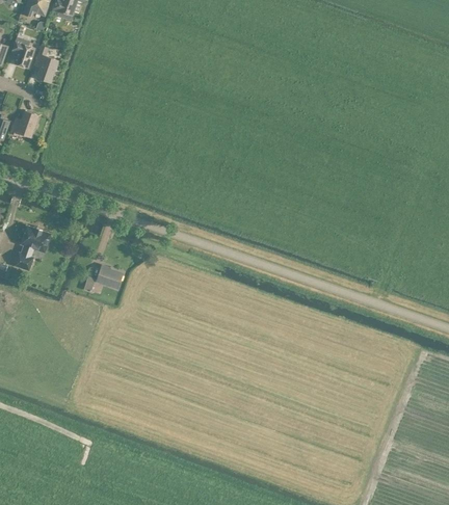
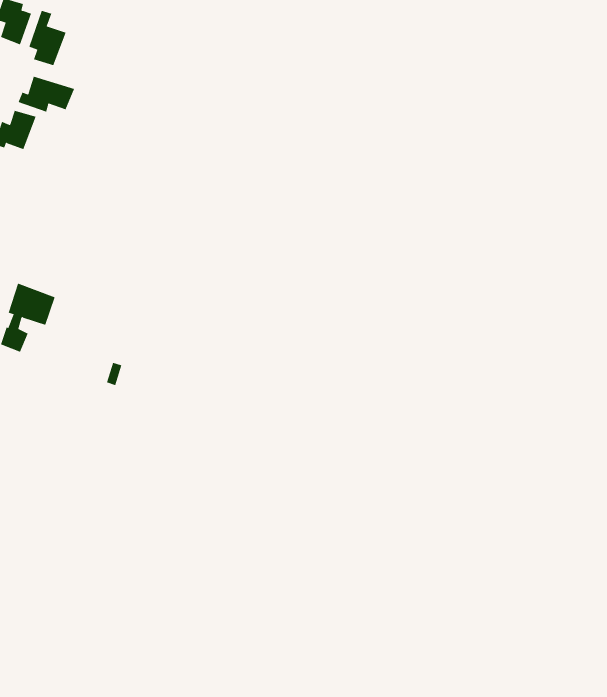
building: none -> [18,76,75,112]
building: [95,265,122,289] -> none

